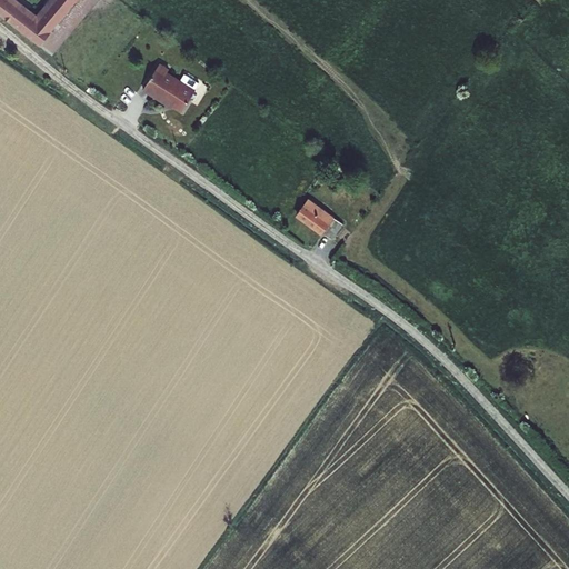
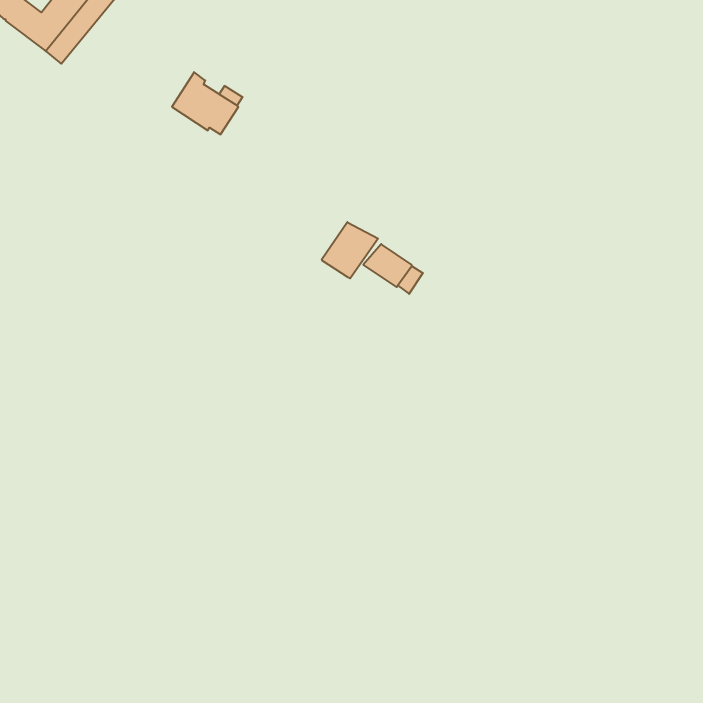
building: none -> [322,222,378,278]

